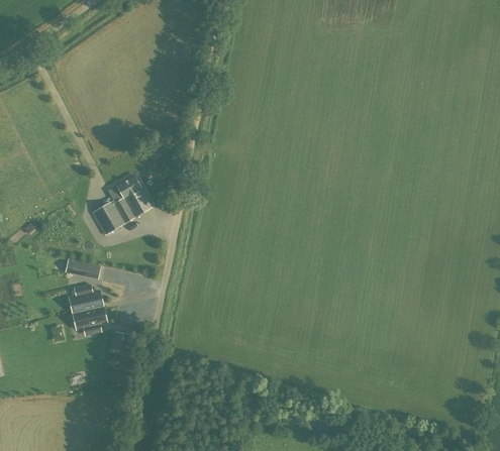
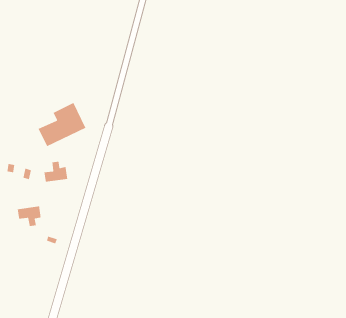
building: [70,284,101,312] -> [44,161,68,183]

